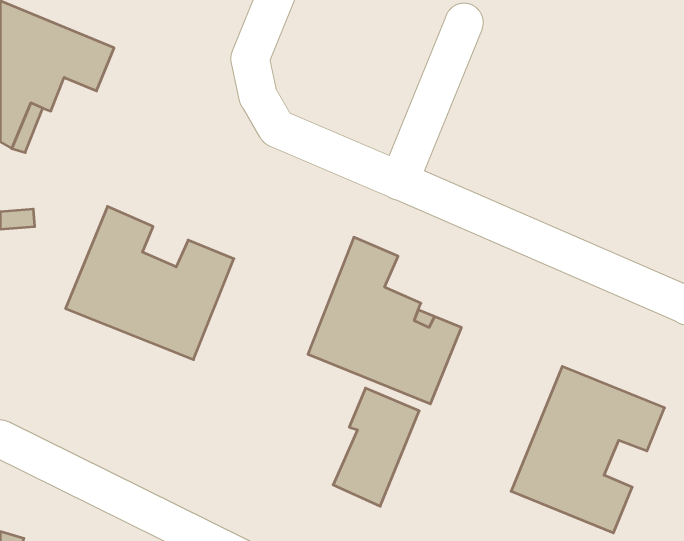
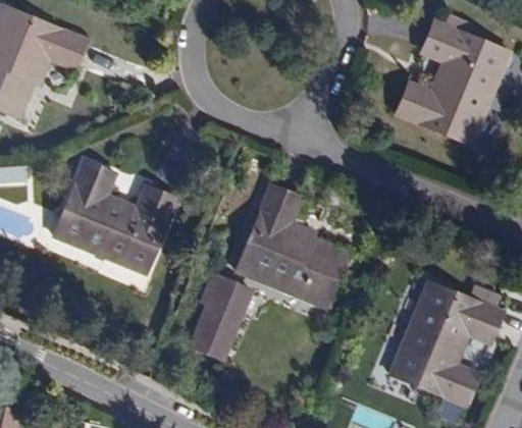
building: none -> [395,18,512,146]
building: [333,388,419,506] -> [188,272,253,362]

